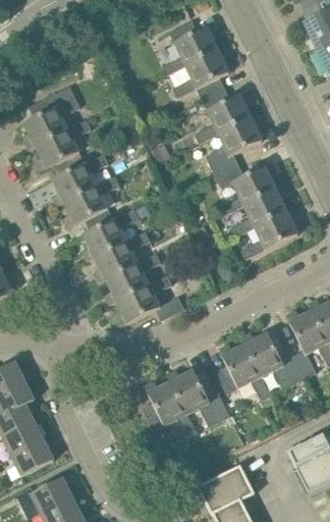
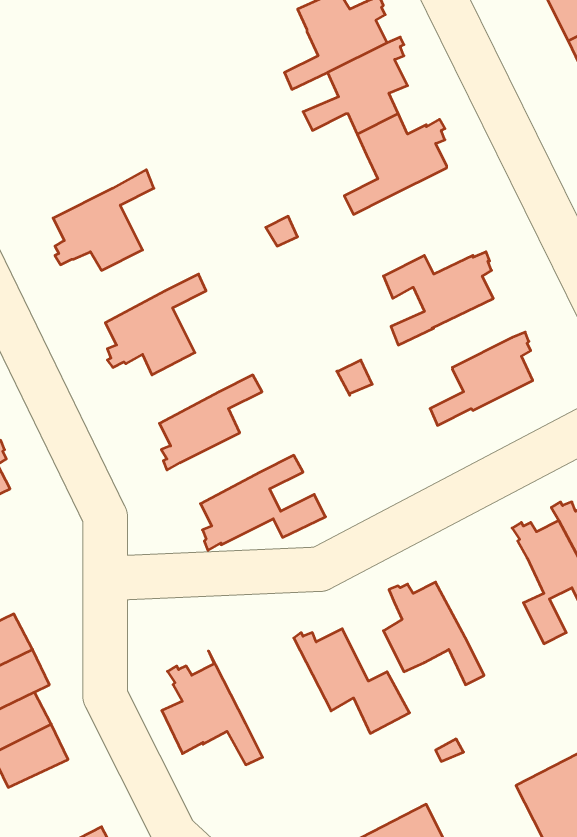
building: [23,86,79,149] -> none
building: [206,113,262,176] -> none
building: [52,153,108,205] -> none
building: [230,185,286,236] -> none
building: [82,209,139,260] -> none
building: [105,252,161,304] -> none
building: [240,332,304,388] -> none
building: [142,374,197,436] -> [162,651,263,765]
building: [11,440,53,475] -> none

